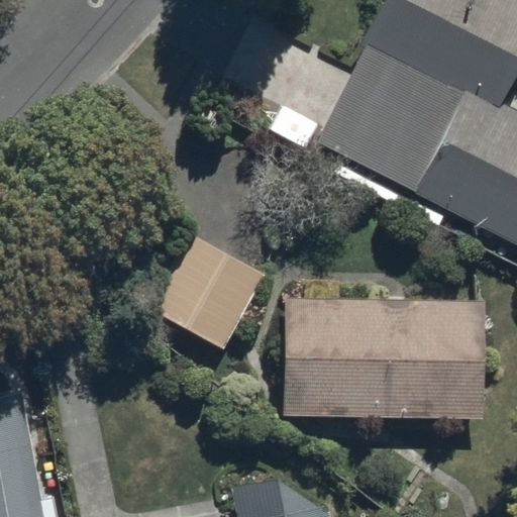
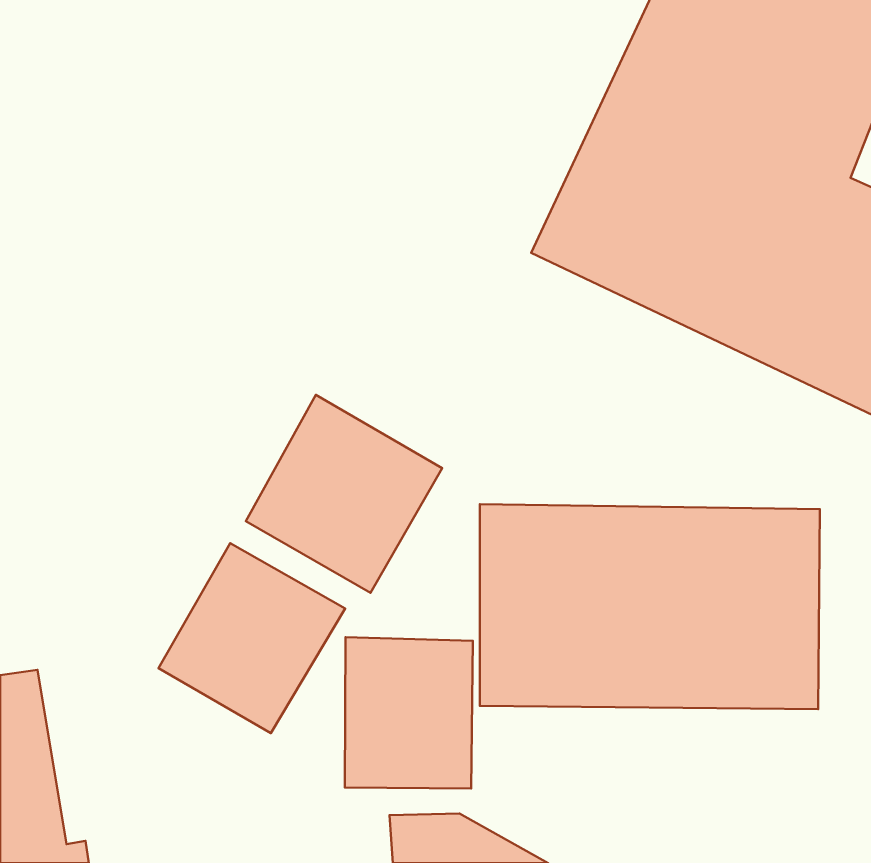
building: none -> [158,543,345,733]
building: none -> [345,637,473,789]

